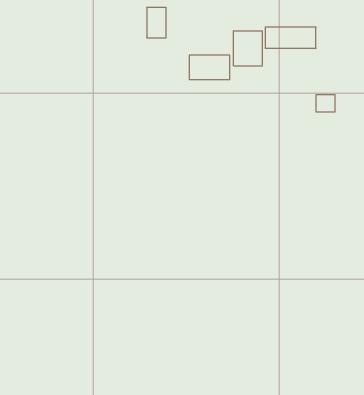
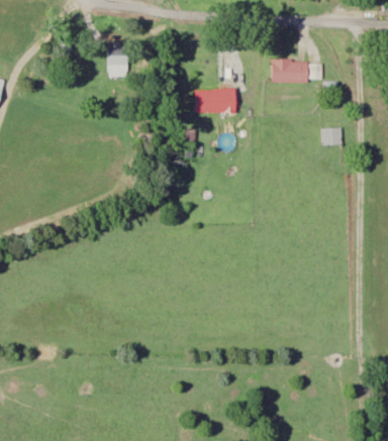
building: [147,7,166,38] -> [108,46,127,77]
building: [234,31,262,66] -> none

